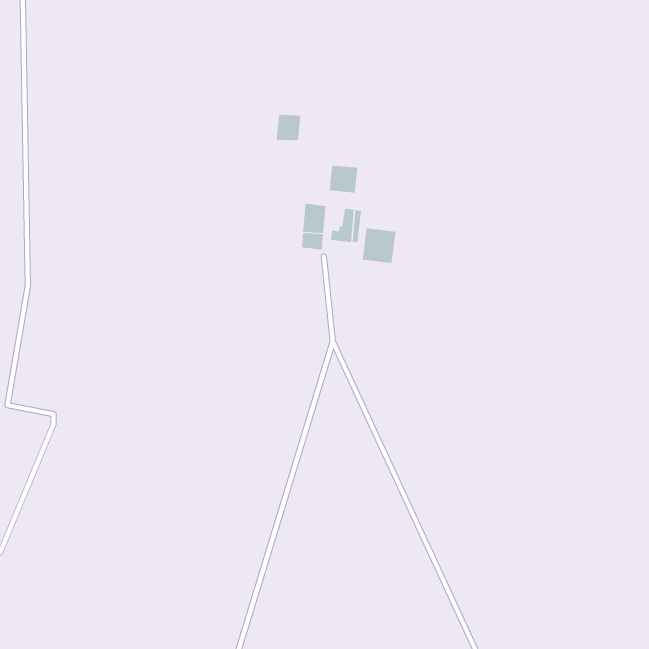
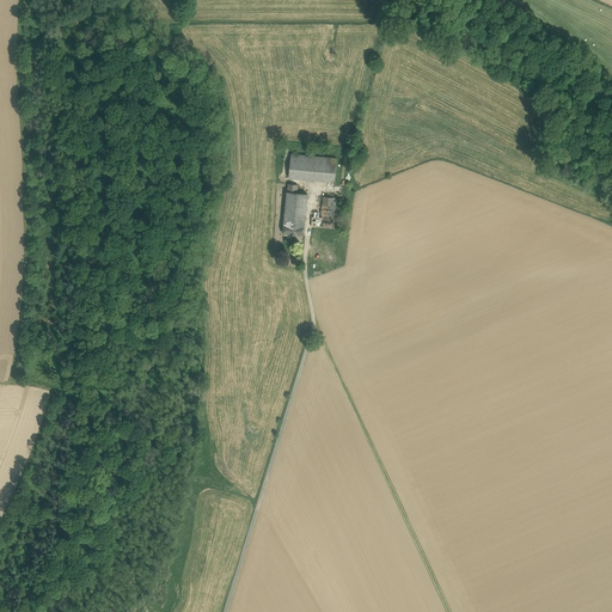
building: [276,114,301,141] -> [288,154,312,179]
building: [362,228,396,264] -> none

